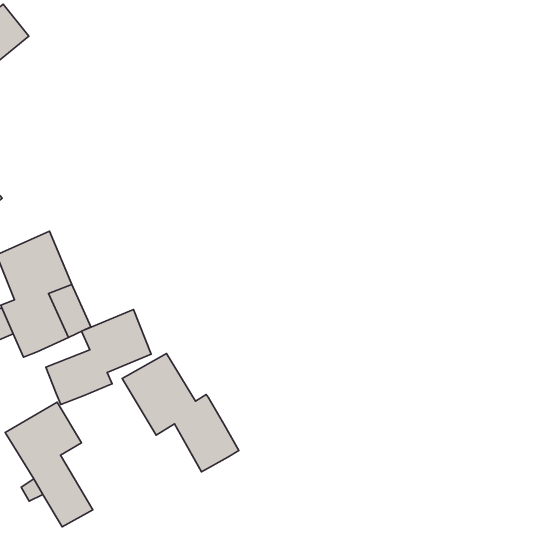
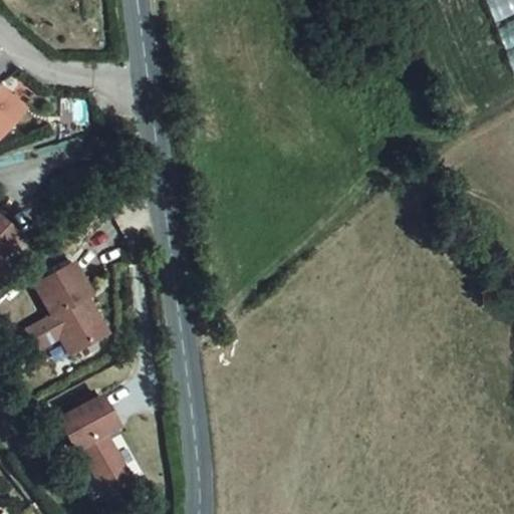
building: [46,310,151,405] -> none
building: [122,353,239,472] -> none

